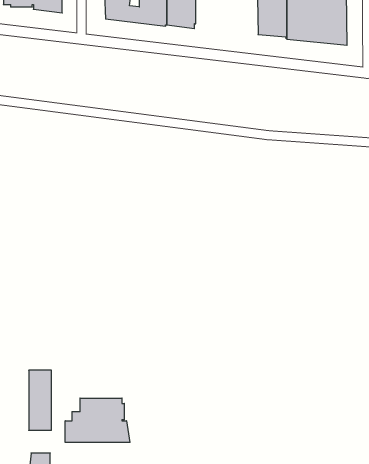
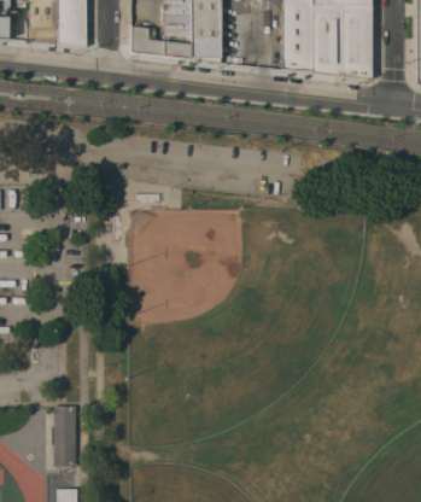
building: [65,398,130,442] -> none

